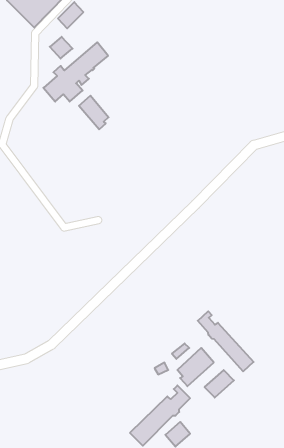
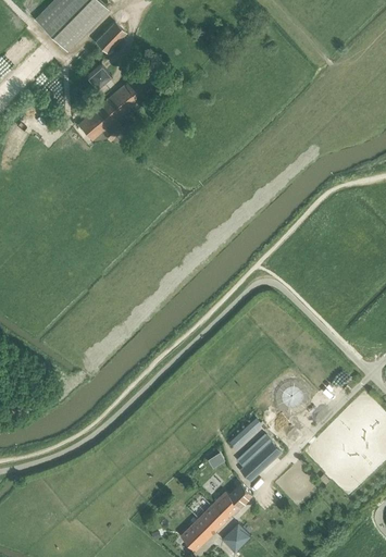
building: [79,96,109,129] -> none
building: [198,311,254,371] -> none
building: [205,370,234,398] -> none

